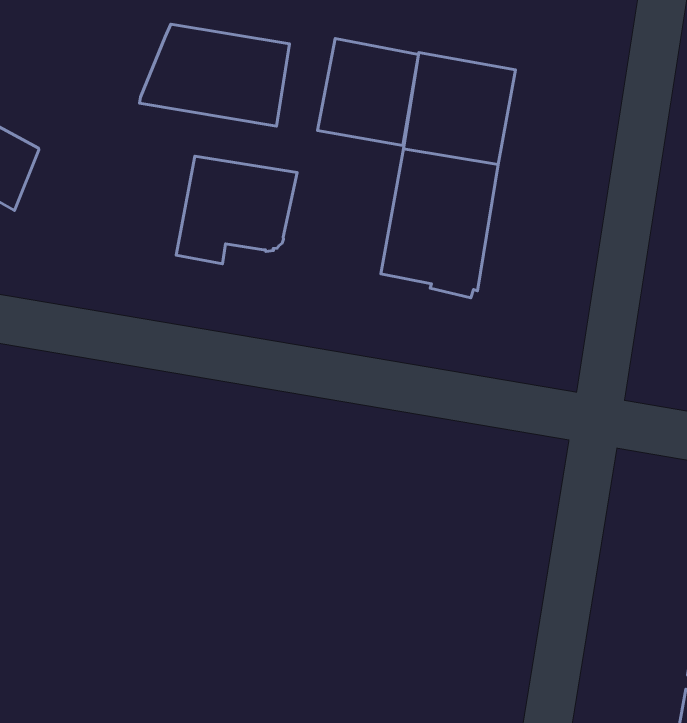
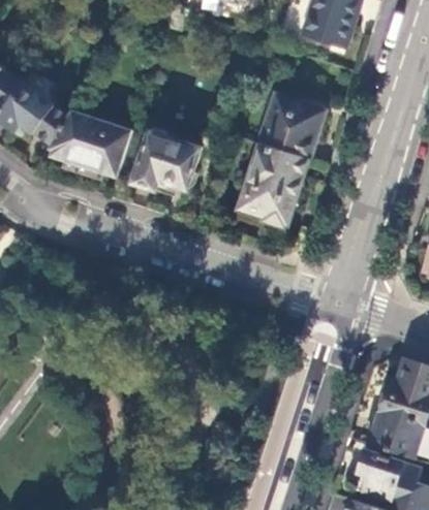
building: [140,24,290,126] -> [48,110,131,172]
building: [317,39,418,146] -> none

